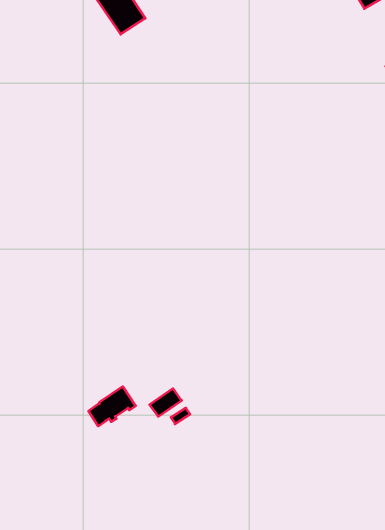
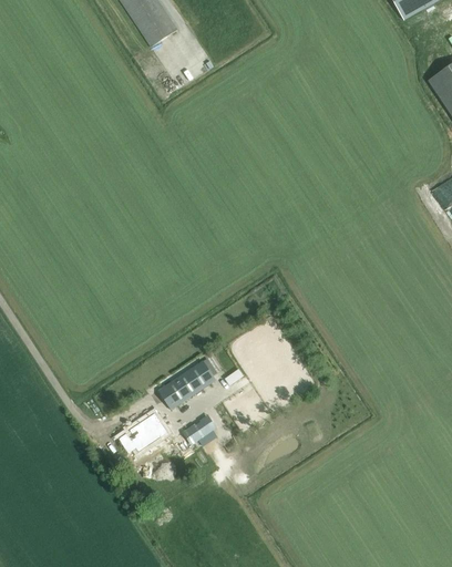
building: none -> [157,359,216,409]

